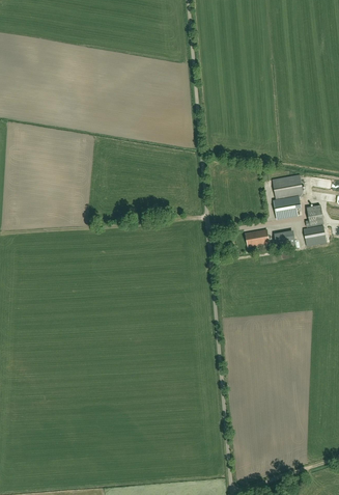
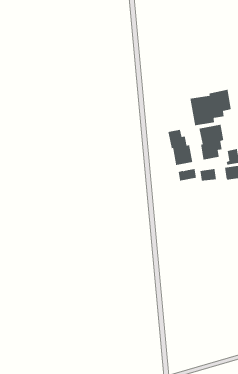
building: none -> [189,89,232,126]
building: none -> [168,129,193,166]

